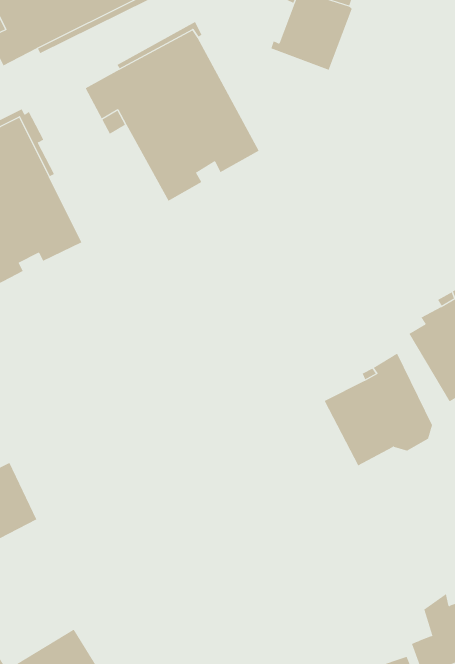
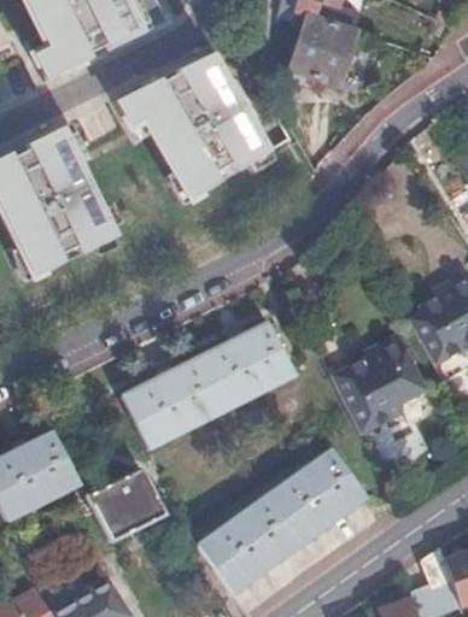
building: none -> [123,325,293,449]
building: none -> [198,451,365,592]
building: none -> [88,468,166,542]

